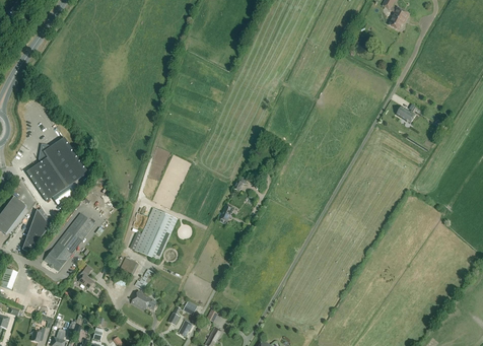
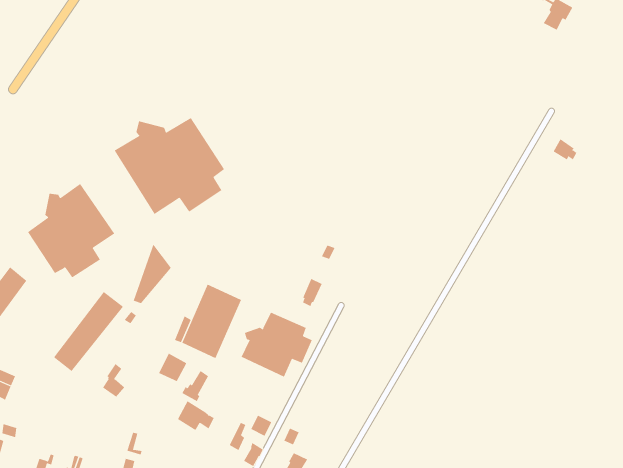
building: none -> [114,117,225,215]
building: [22,208,50,251] -> [133,243,172,304]
building: none -> [241,312,312,377]

